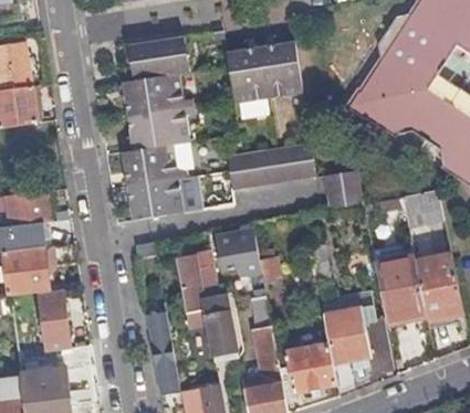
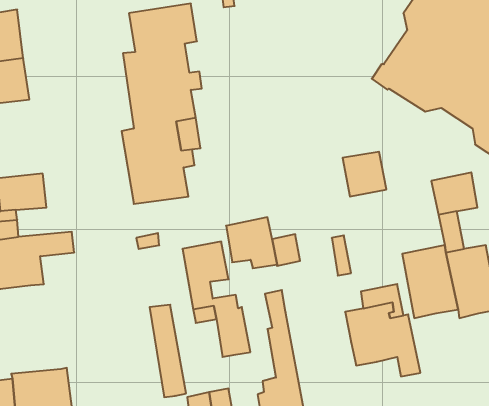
building: [226,41,302,119] -> none
building: [226,142,315,189] -> none
building: [38,288,71,351] -> none
building: [285,343,337,394] -> none

